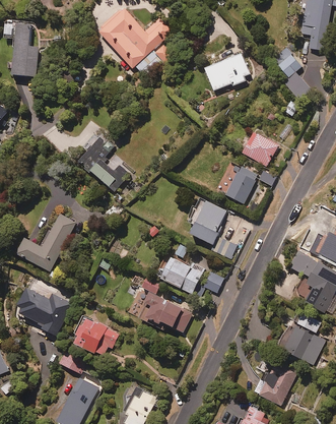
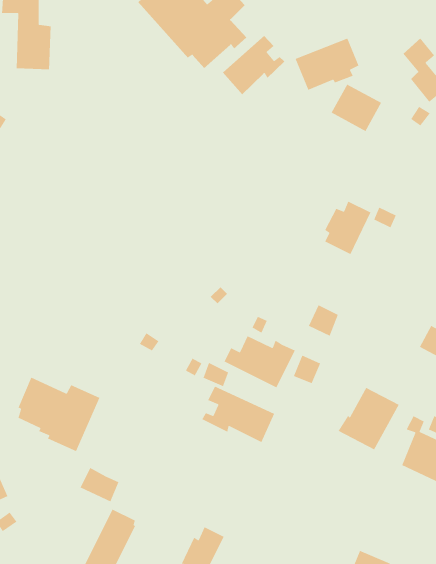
building: none -> [222,35,285,95]
building: [243,132,278,166] -> [330,83,382,132]
building: [80,137,130,191] -> none
building: [189,197,227,245] -> none
building: [17,214,75,271] -> none
building: [74,315,119,358] -> none
building: [255,361,297,405] -> [338,387,400,451]

